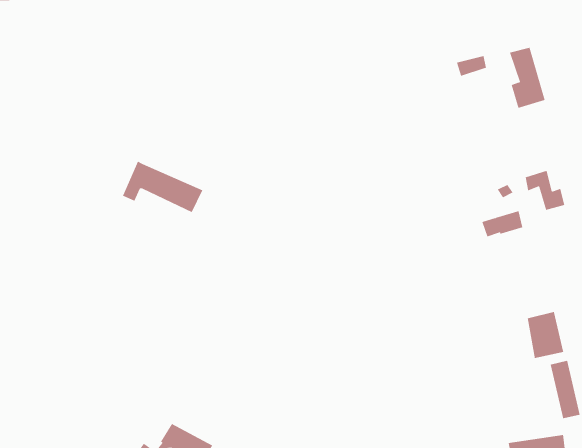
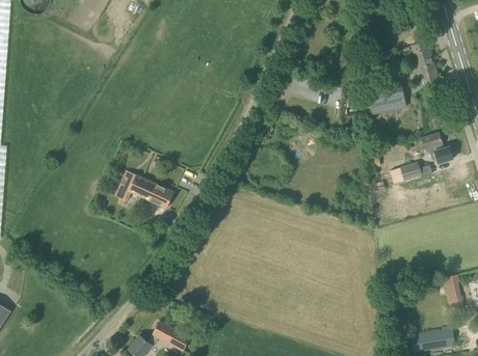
building: none -> [366,84,406,112]
building: [122,161,203,213] -> [114,170,175,209]
building: [527,311,564,359] -> none

